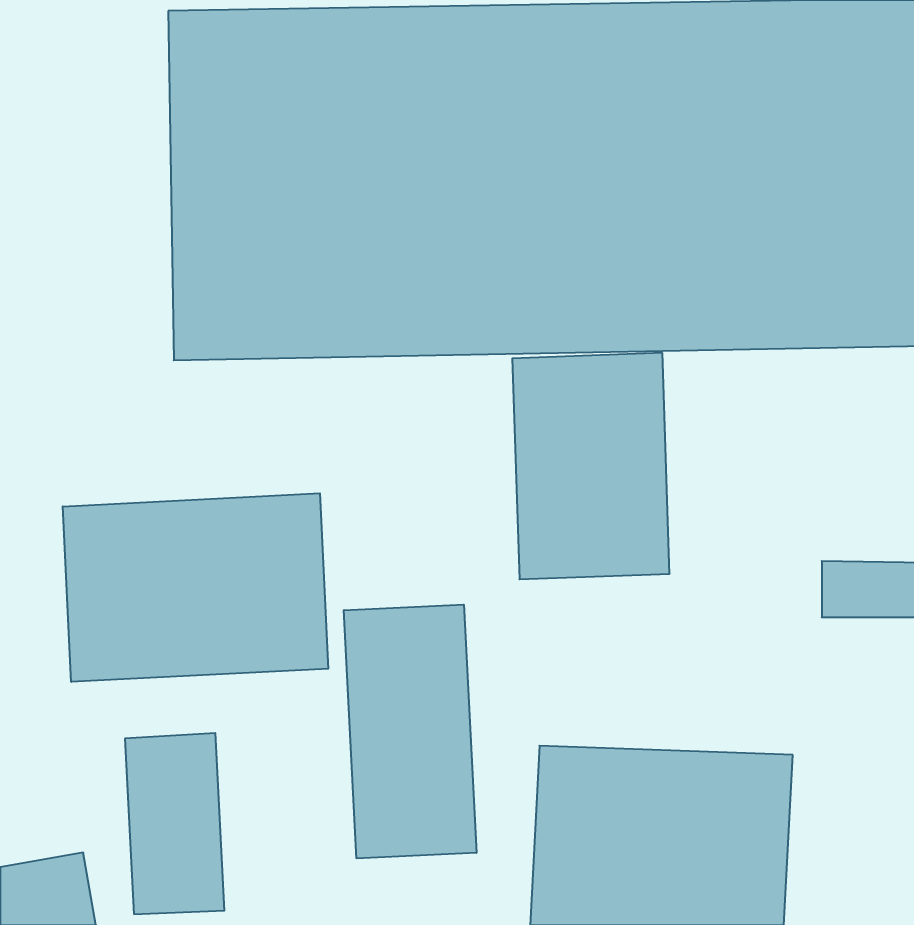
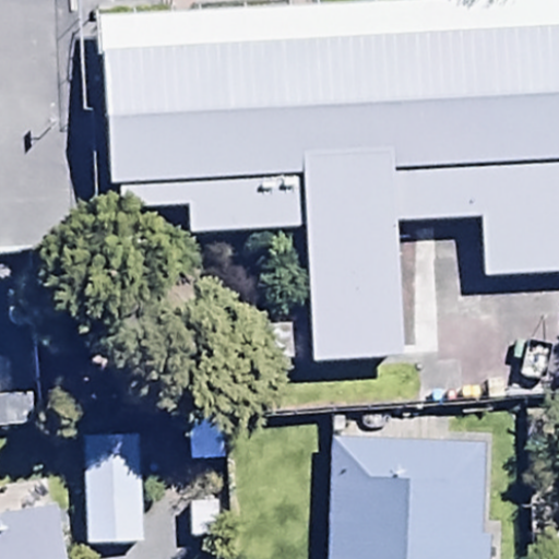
building: [63,493,328,682] -> none
building: [344,605,476,858] -> none

